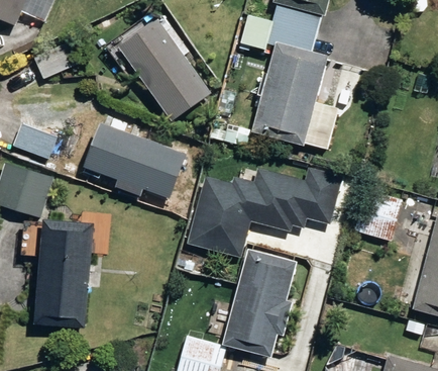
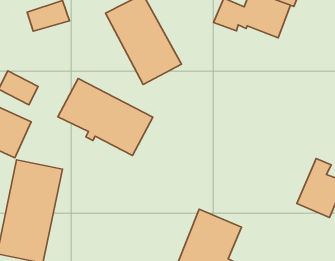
building: [253,43,327,147] -> none
building: [190,167,341,254] -> none

